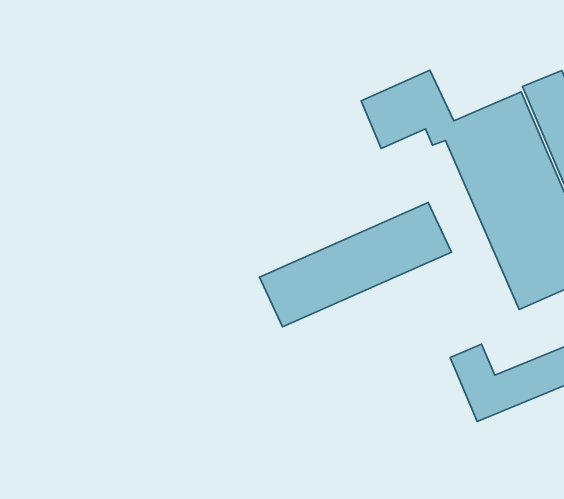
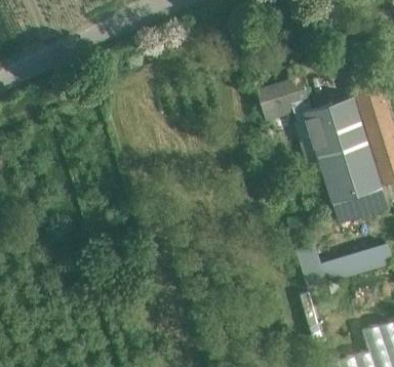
building: [259,202,451,327] -> none

